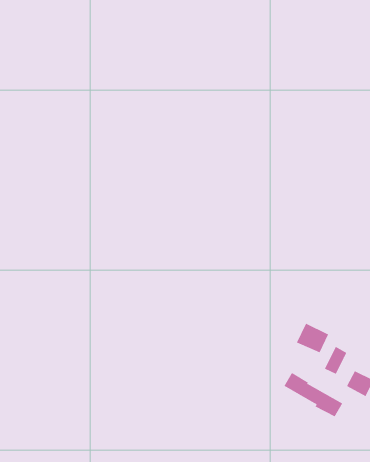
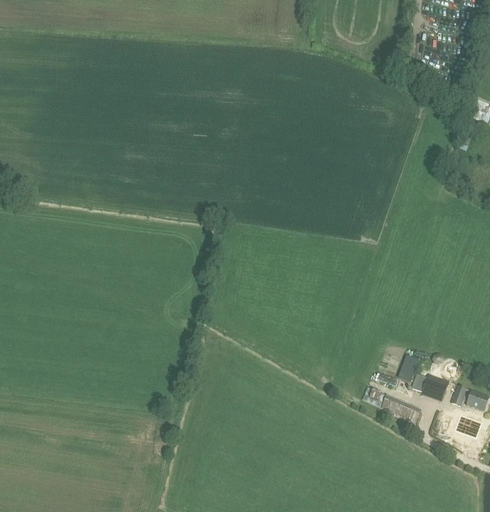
building: [296,323,329,353] -> none

